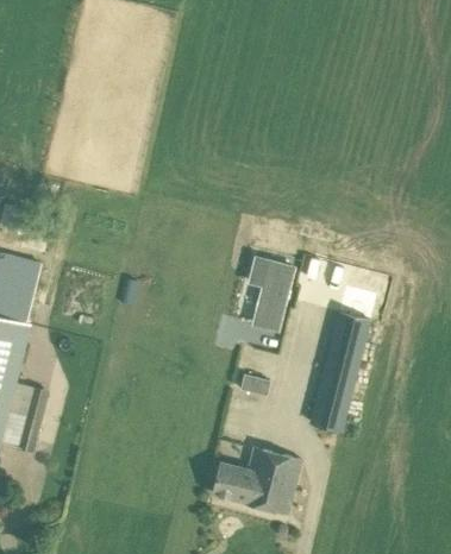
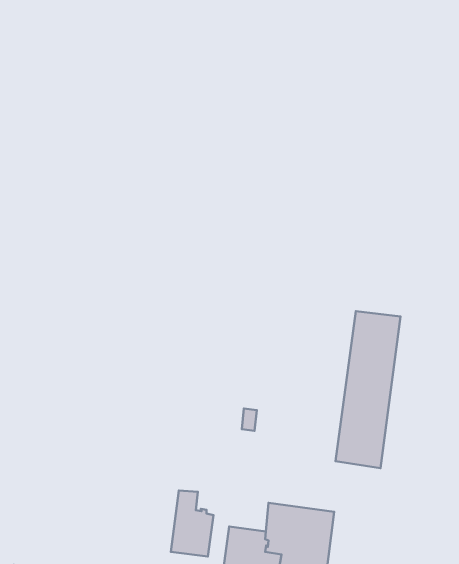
building: [248,256,295,333] -> none
building: none -> [171,490,214,556]

